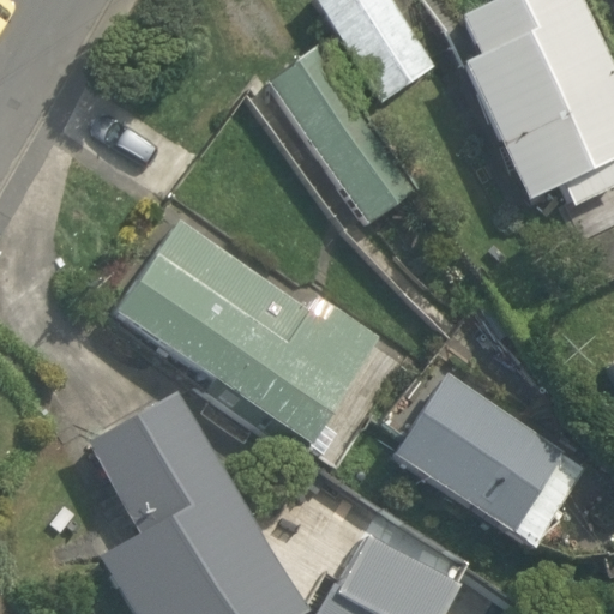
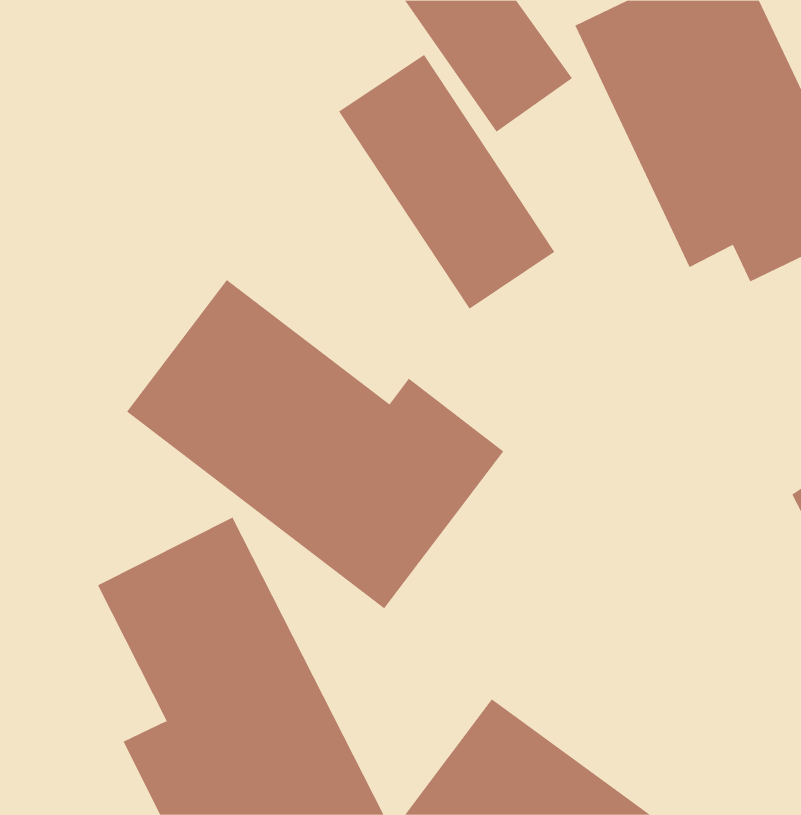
building: [385,368,592,558] -> none

